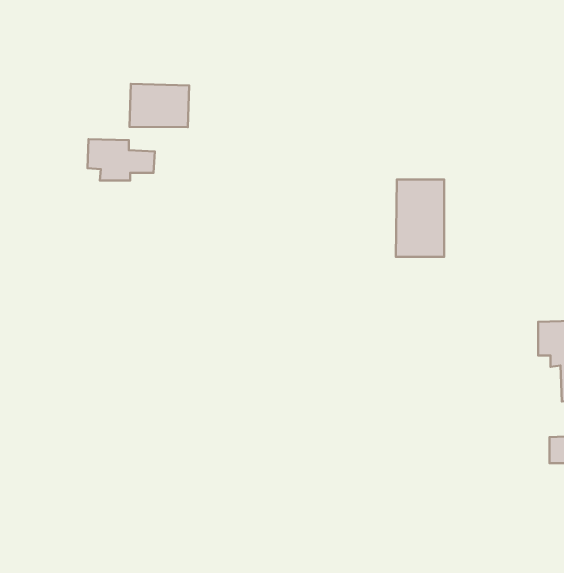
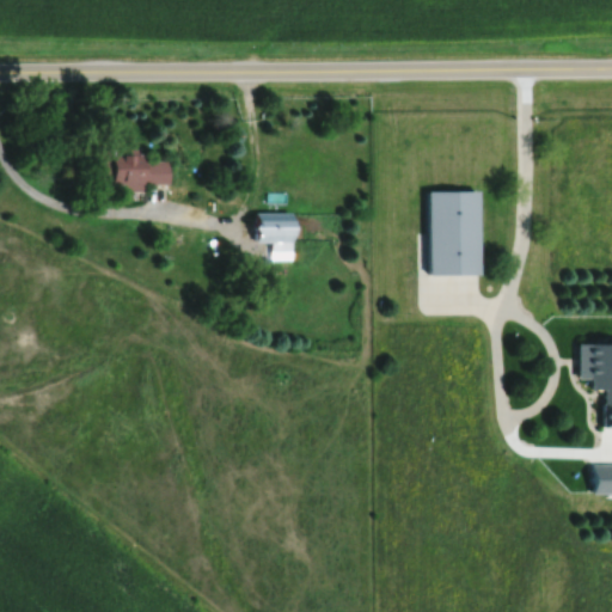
building: [130,84,189,127] -> none
building: none -> [257,213,294,243]

